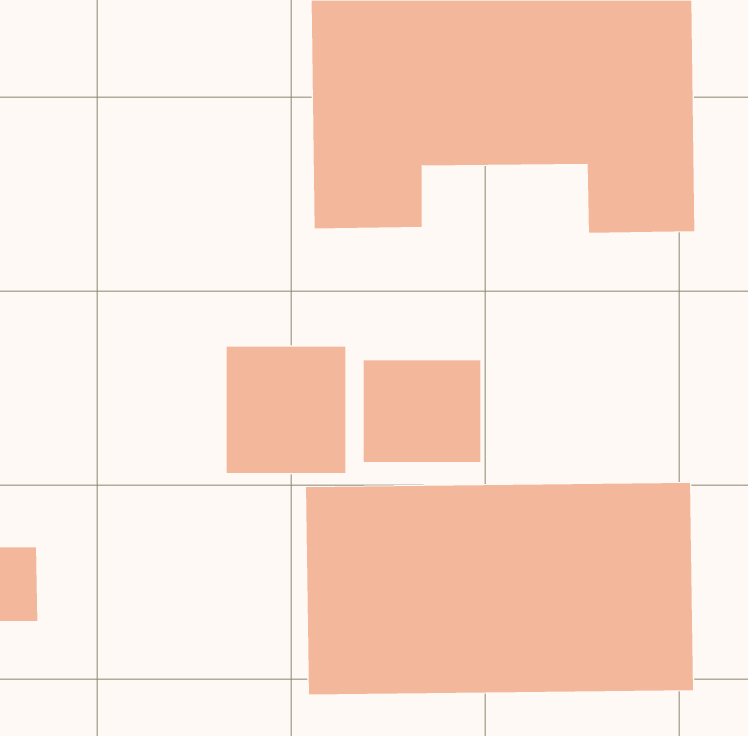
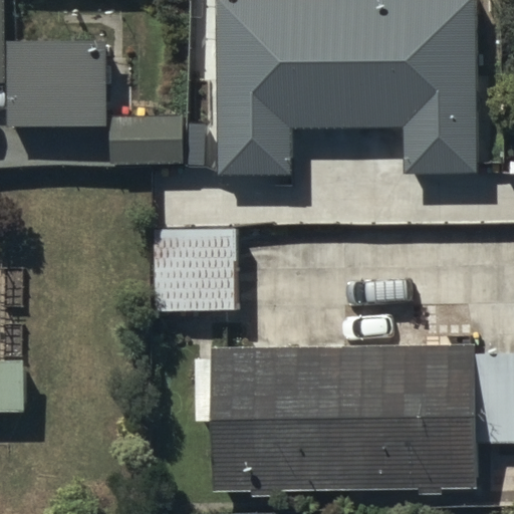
building: none -> [8,62,184,184]
building: [363,359,481,463] -> none

